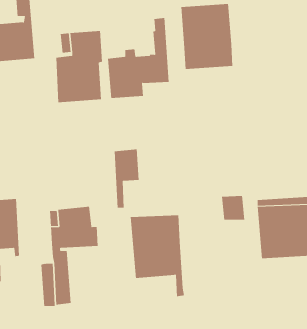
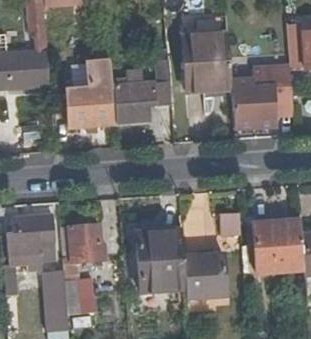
building: none -> [230,69,292,129]
building: [114,149,140,208] -> [30,213,54,268]
building: none -> [182,252,227,298]

